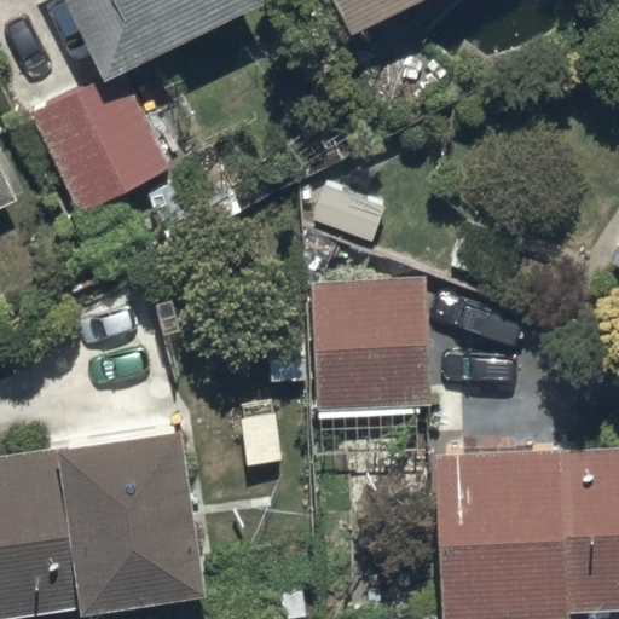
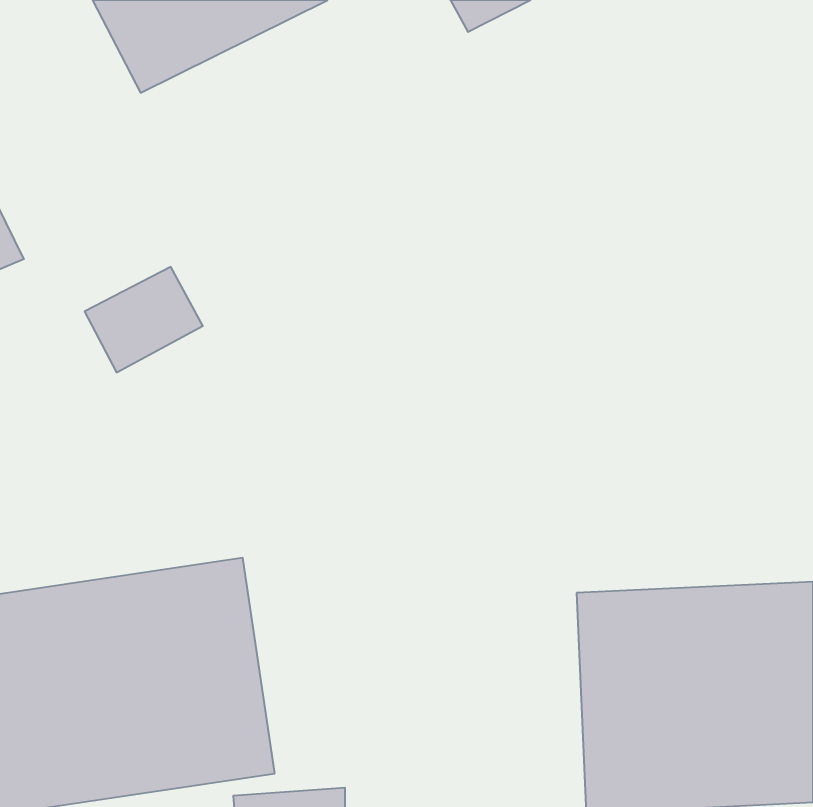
building: [33,73,169,213] -> none
building: [311,279,430,412] -> none

